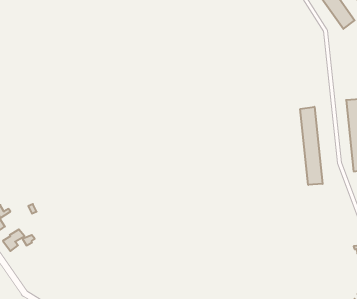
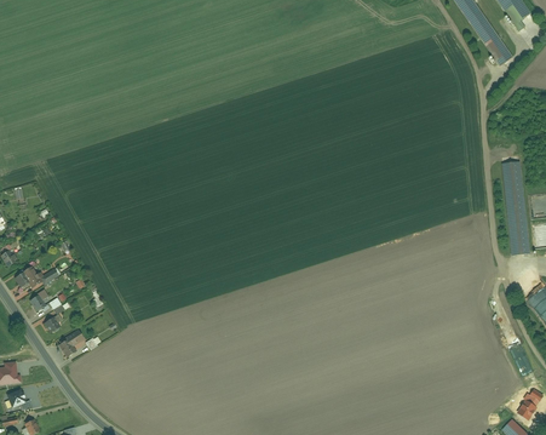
building: [300,107,323,185] -> none

